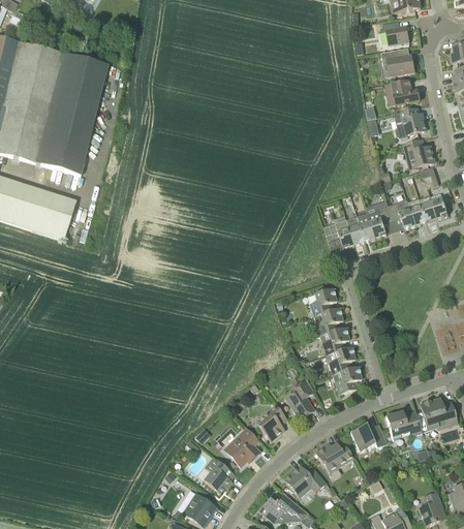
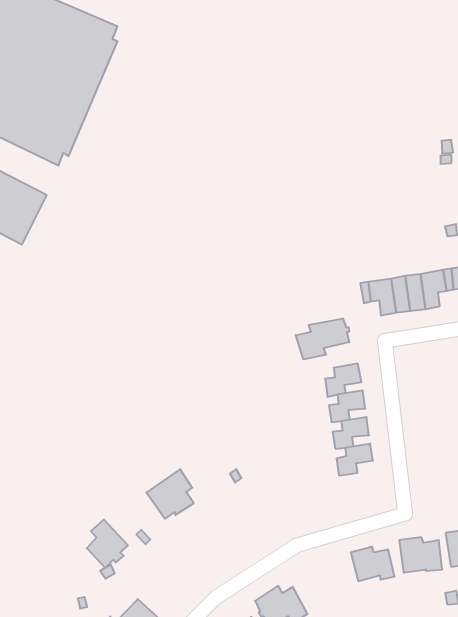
building: none -> [296,318,349,359]
building: [335,366,362,394] -> none
building: [284,378,314,418] -> none
building: [257,404,287,441] -> none
building: [223,427,260,466] -> [146,469,194,519]
building: [315,442,353,472] -> none
building: [204,457,235,493] -> [87,520,128,568]

